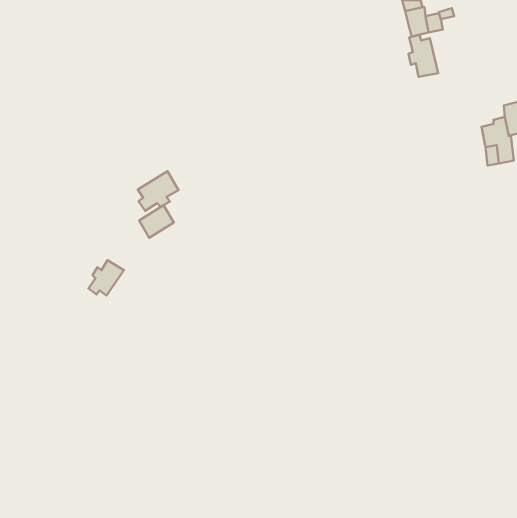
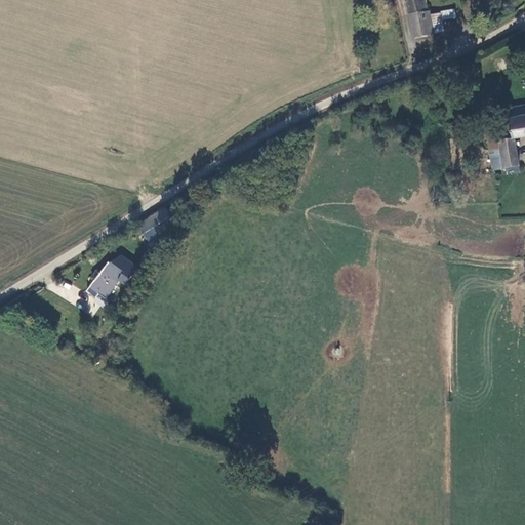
building: [409,35,438,77] -> none
building: [138,171,178,211] -> none

